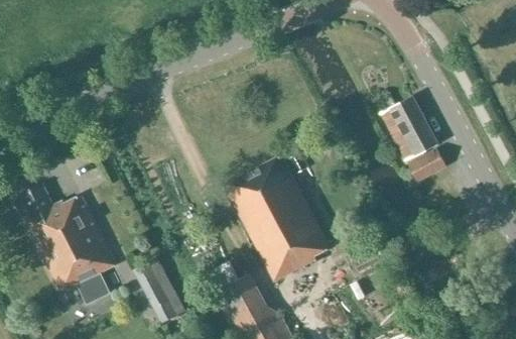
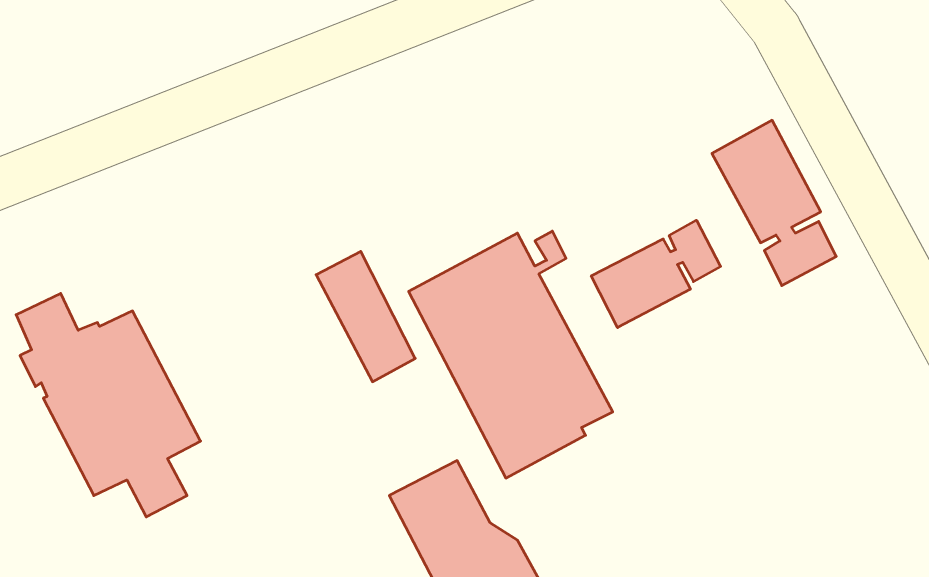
building: none -> [591,220,721,328]
building: [133,257,184,325] -> [316,251,415,382]

